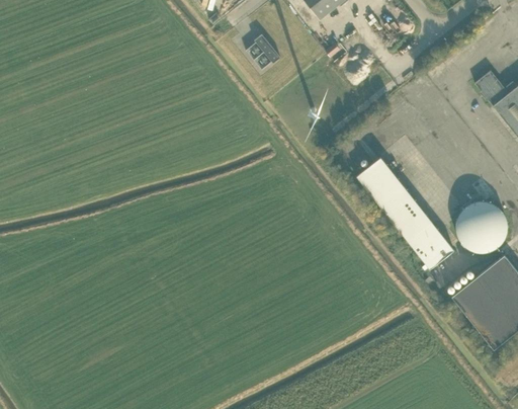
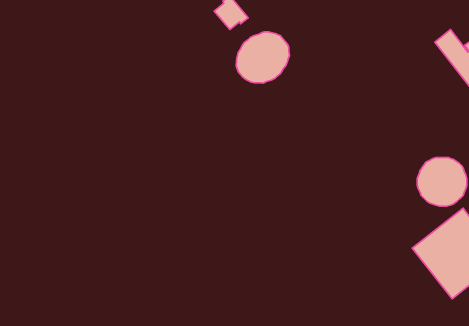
building: none -> [236,32,289,83]
building: [356,156,453,268] -> none

